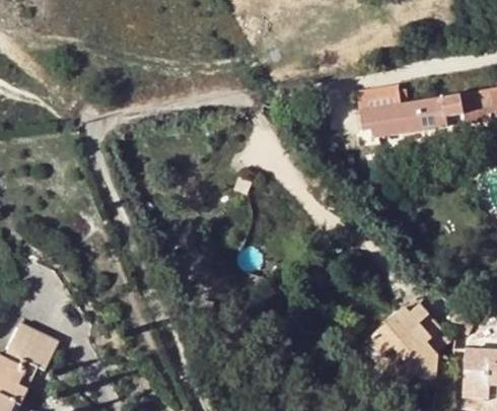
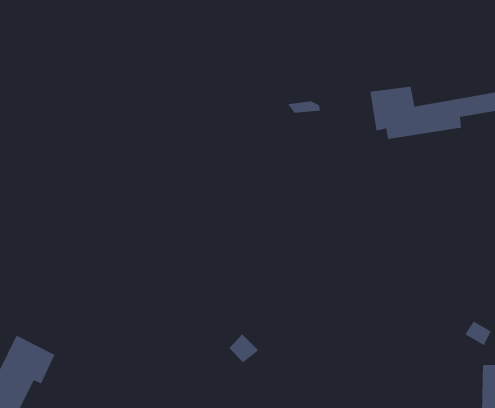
building: [368,302,440,387] -> none

